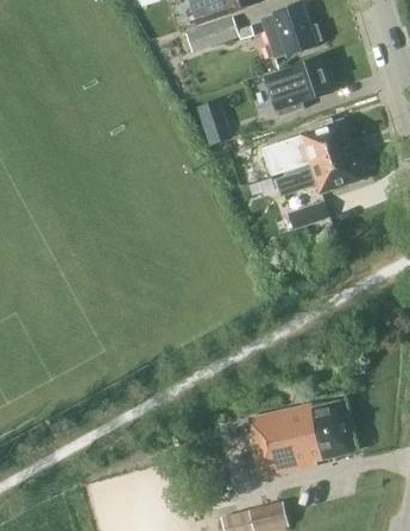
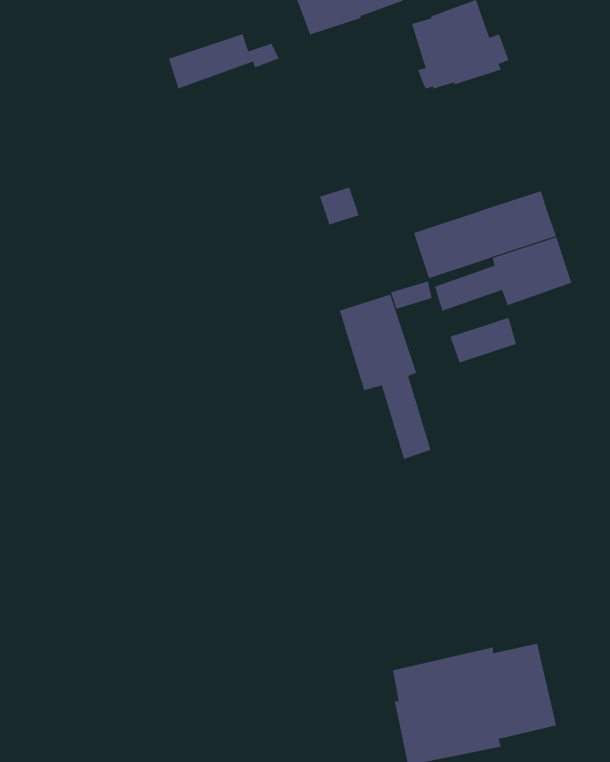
building: [187,18,256,52] -> [168,34,279,89]
building: [265,56,333,116] -> none
building: none -> [339,294,431,460]

